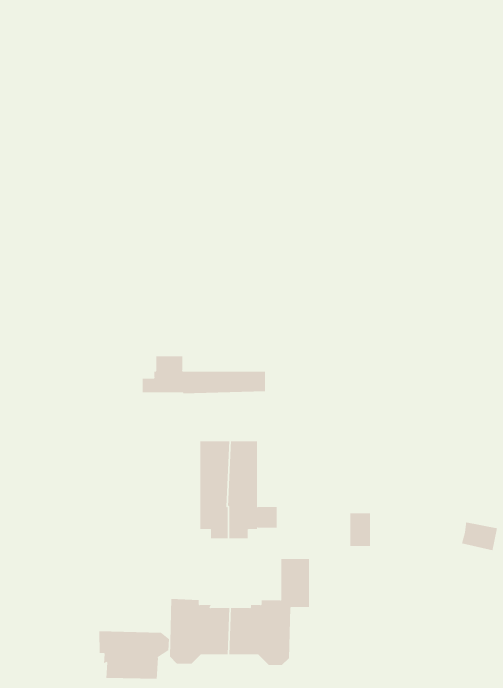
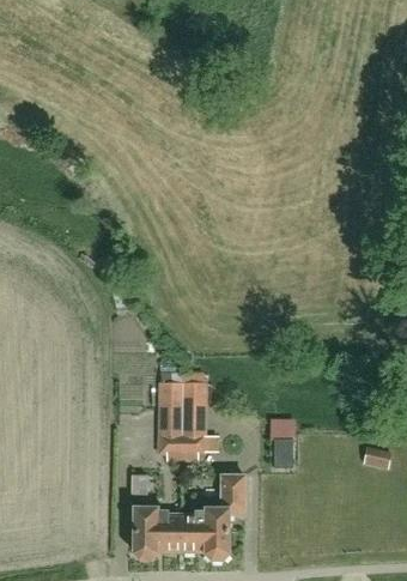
building: [142,355,265,394] -> none
building: [99,631,169,680] -> none

